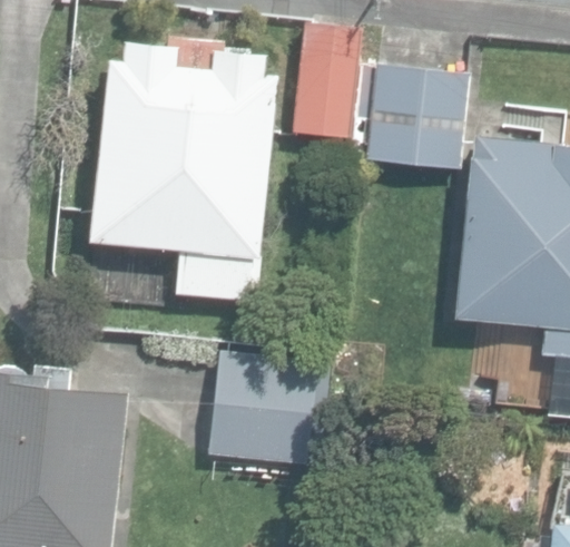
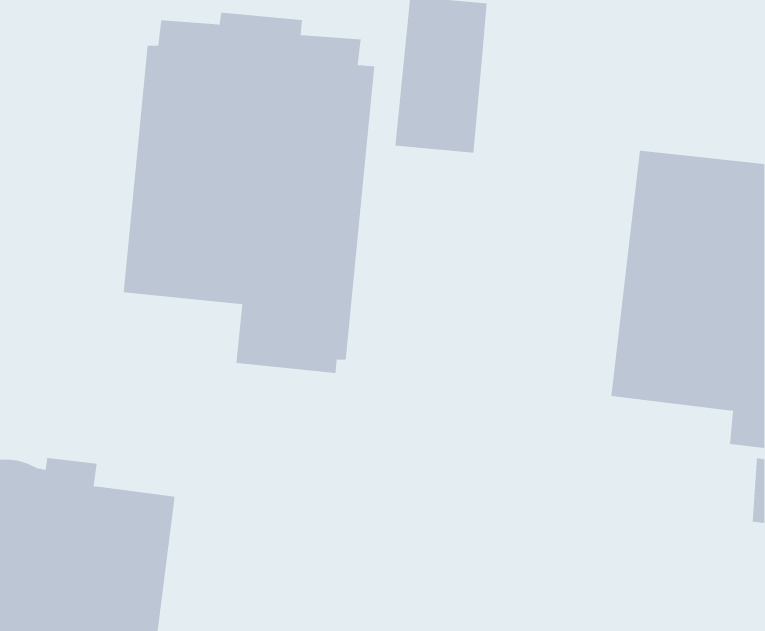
building: [351,65,471,170] -> none
building: [210,353,334,465] -> none

